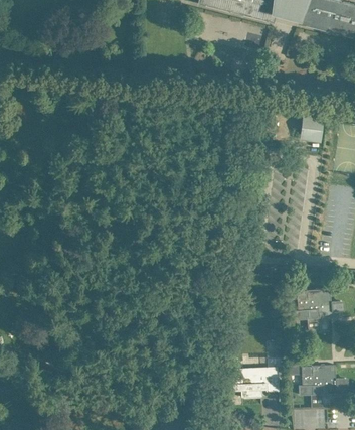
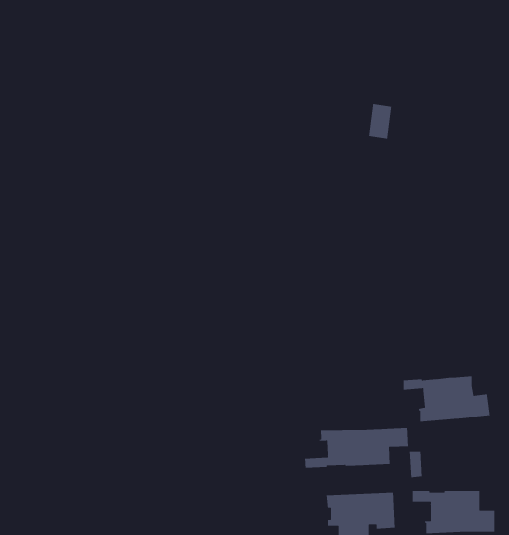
building: [299,114,322,142] -> none
building: none -> [304,427,409,468]

